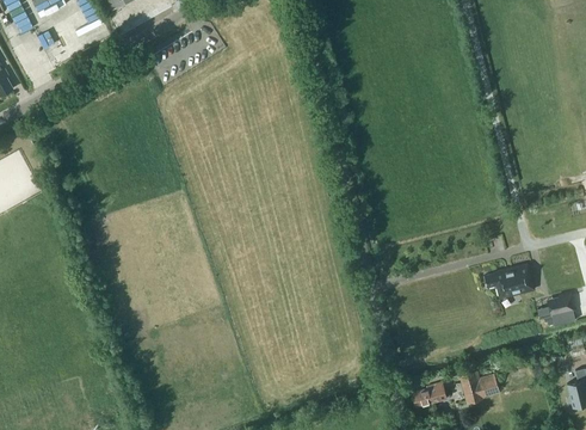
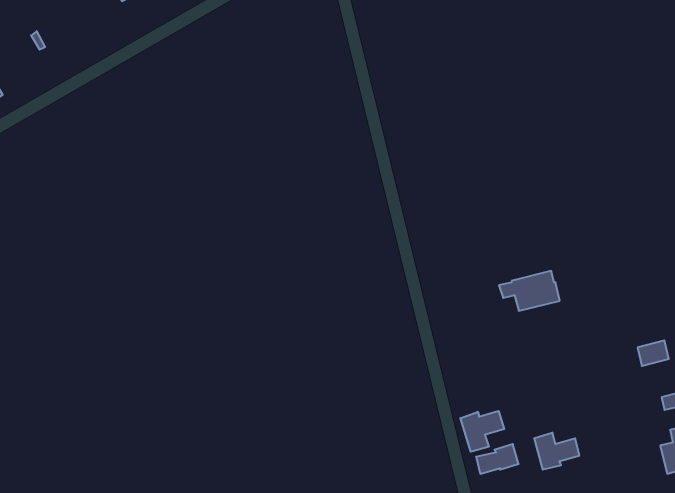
building: [483,264,535,297] -> [499,271,560,311]
building: none -> [460,411,504,452]

